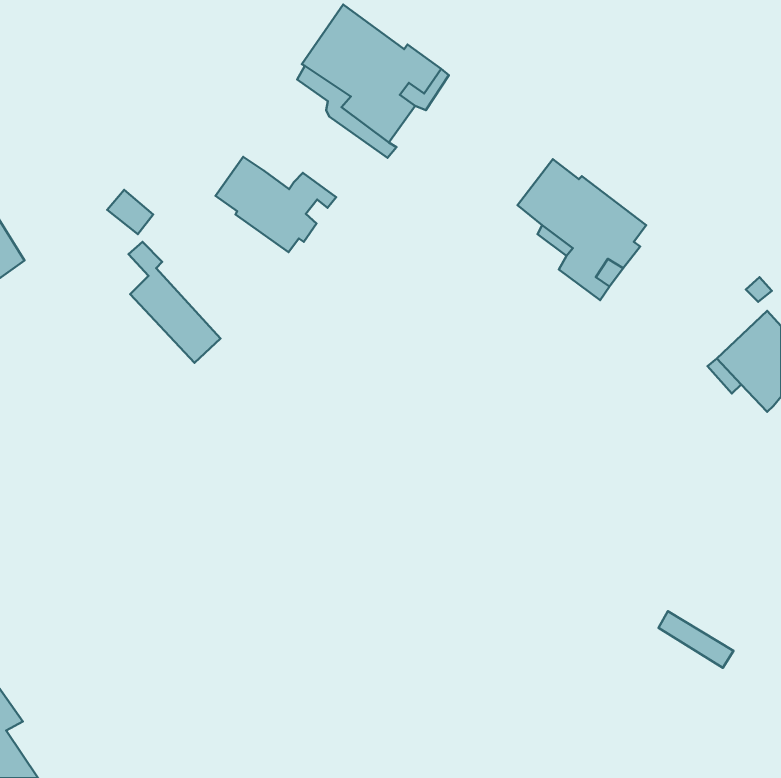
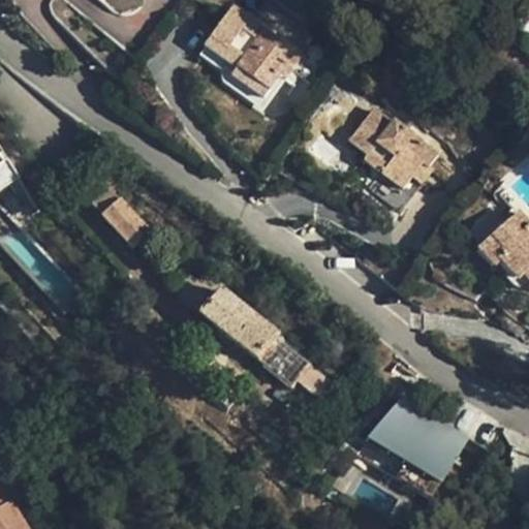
building: [215,157,336,252] -> none
building: none -> [192,287,337,399]
building: none -> [366,400,464,481]

